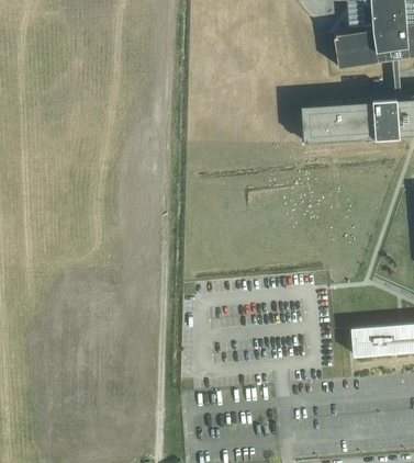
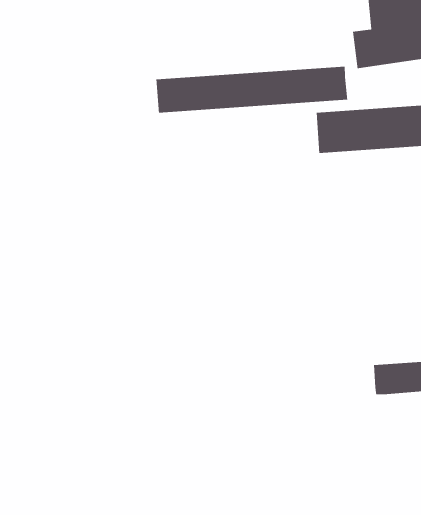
building: none -> [156,66,348,113]

